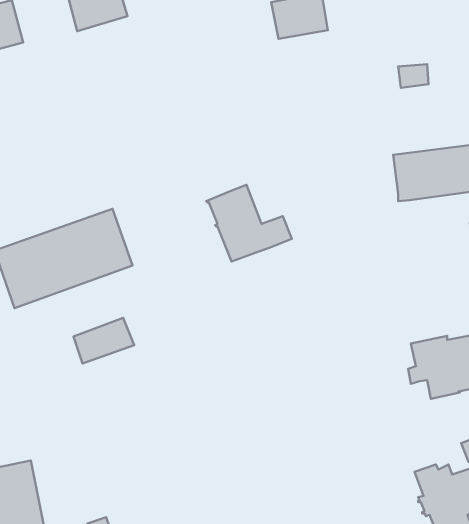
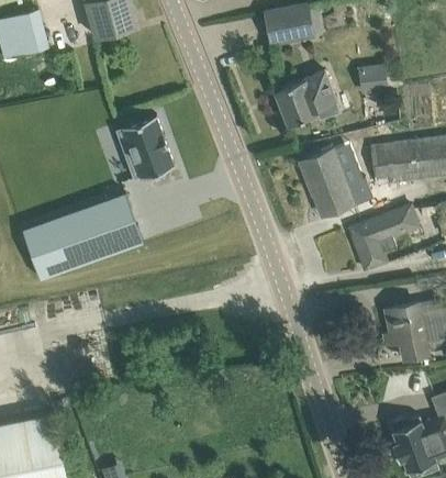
building: none -> [274,71,341,126]
building: none -> [118,115,175,179]
building: [206,185,292,262] -> [299,149,373,216]
building: none -> [348,207,419,271]
building: [73,318,134,363] -> none

